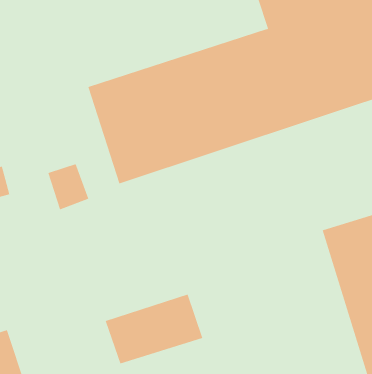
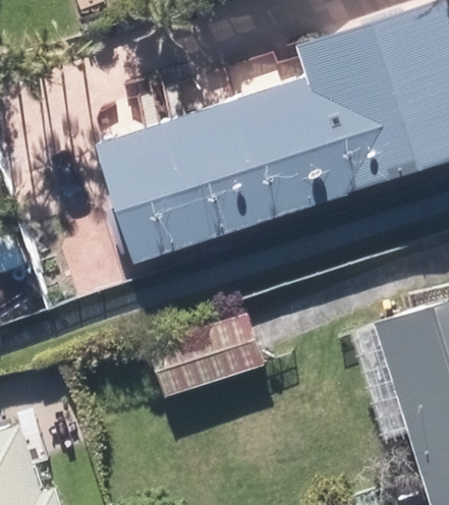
building: [105,294,203,364] -> [146,319,261,401]

